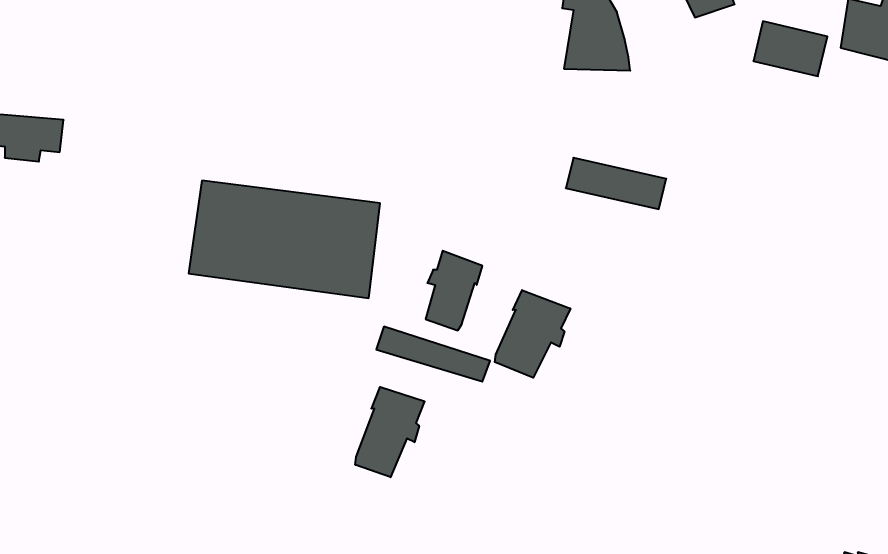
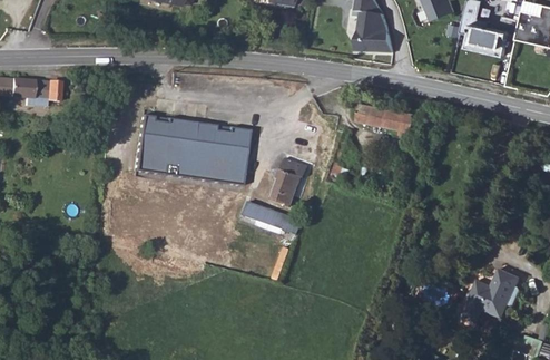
building: [495,290,570,378] -> none
building: [355,387,425,477] -> none
building: none -> [462,270,520,322]

